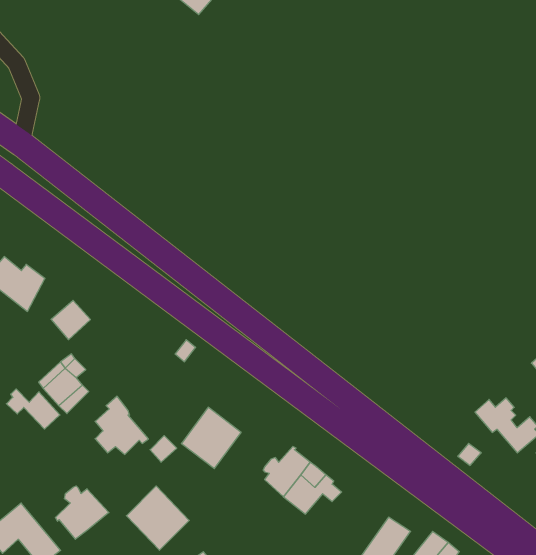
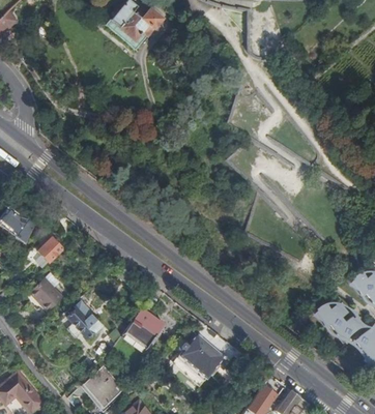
building: [6,389,60,429] -> none
building: [55,486,109,539] -> none

